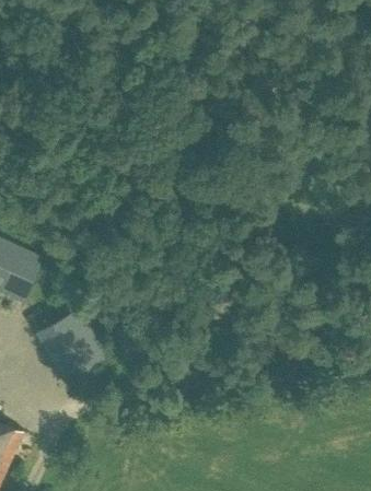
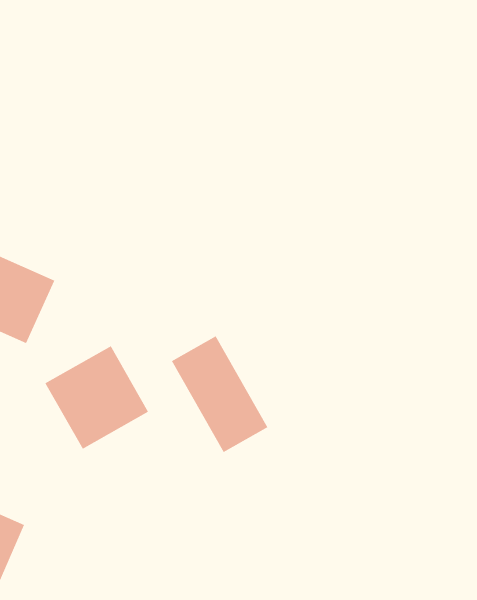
building: none -> [171,336,268,453]

